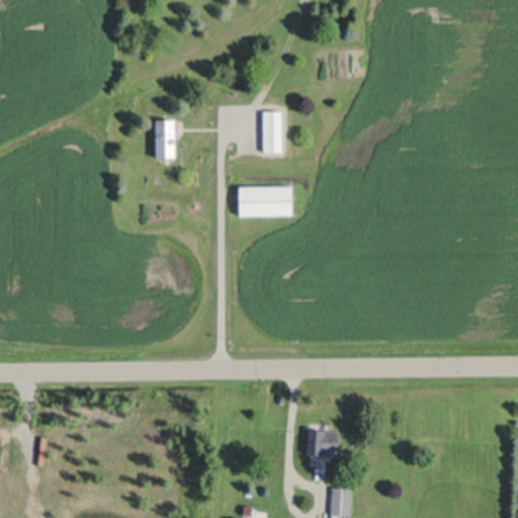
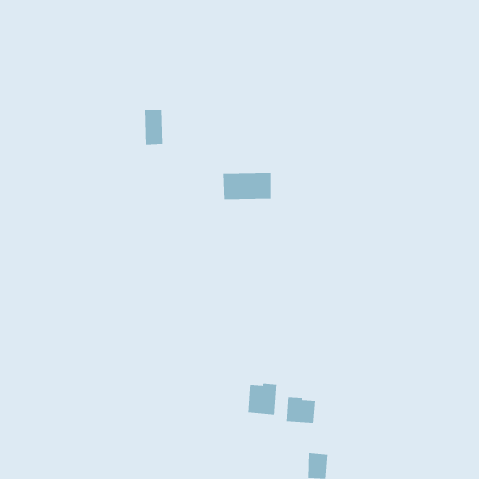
building: [262,111,281,154] -> none
building: none -> [248,383,277,415]

